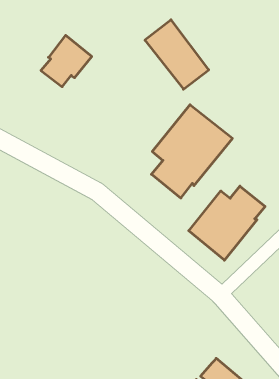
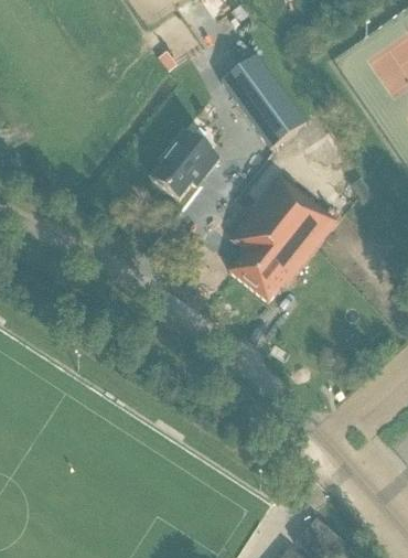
building: [41,35,92,87] -> [151,127,219,196]
building: [189,186,265,260] -> none

